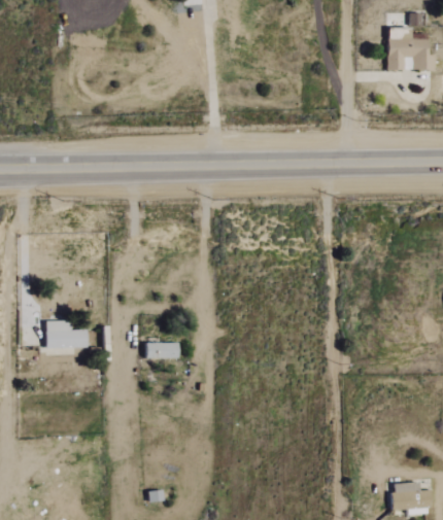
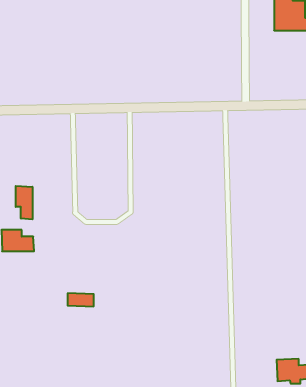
building: none -> [16,186,32,219]
building: [145,343,178,359] -> [68,293,94,306]

